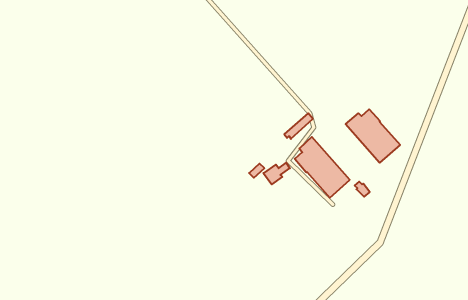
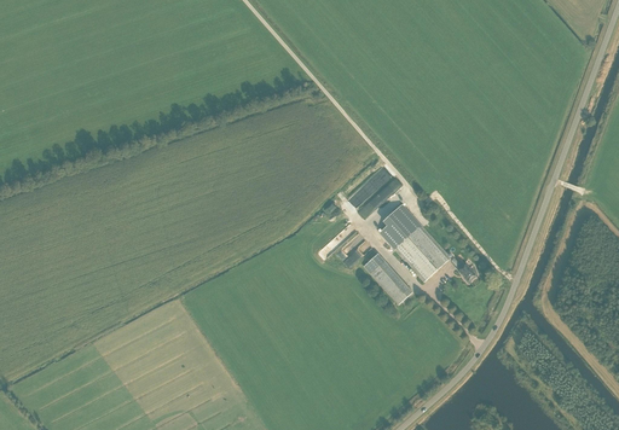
building: [346,109,400,163] -> none
building: none -> [366,257,409,301]

